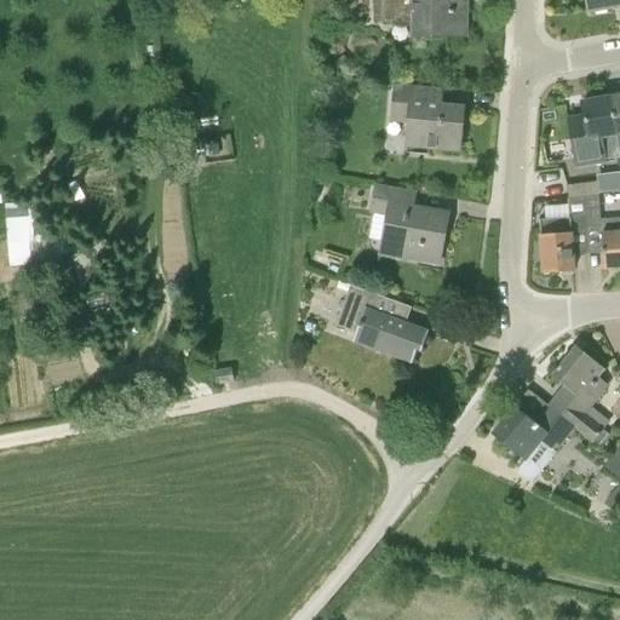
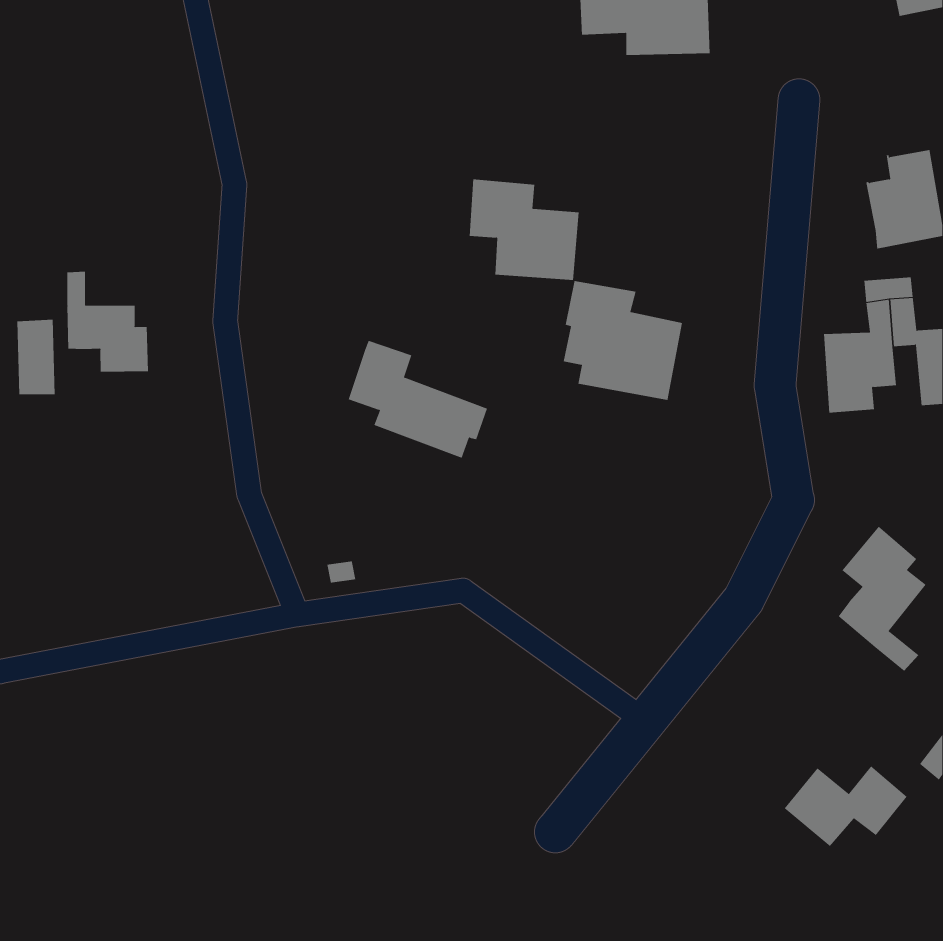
building: [391,84,464,150] -> [469,179,579,280]
building: none -> [67,271,148,373]
building: [337,285,429,362] -> [348,340,488,458]
building: [493,404,574,458] -> [784,766,908,847]

